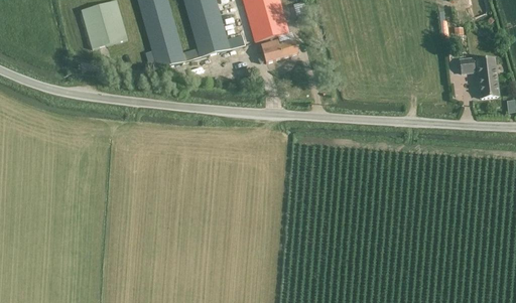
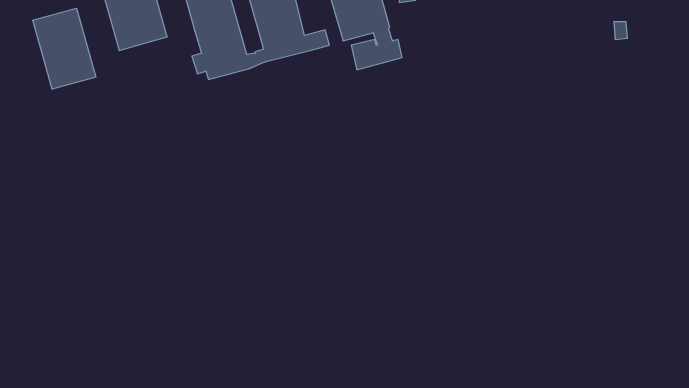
building: none -> [33,8,96,89]
building: [460,56,499,98] -> none

